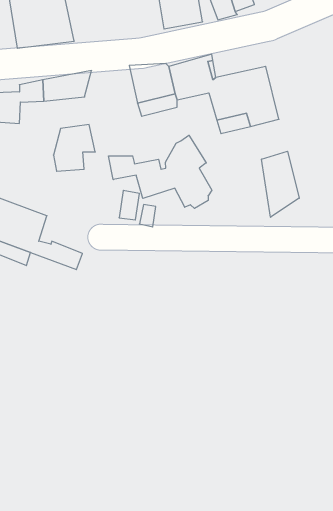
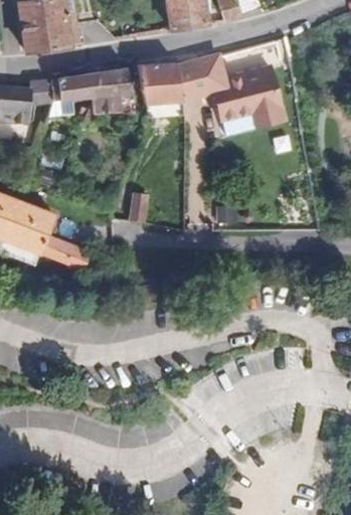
building: [53,125,95,171] -> [93,66,134,113]
building: [109,135,212,208] -> none
building: [262,151,299,217] -> none

